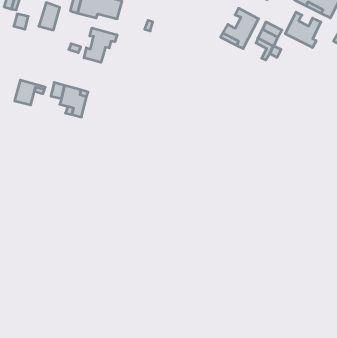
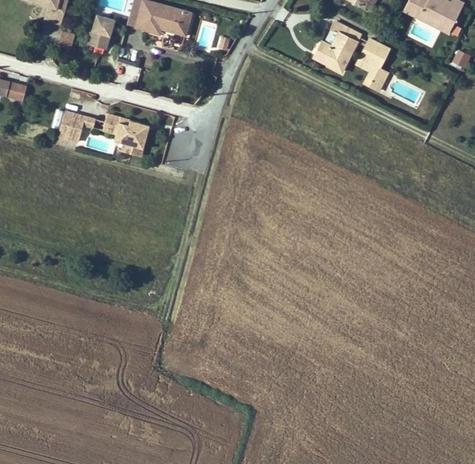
building: [285,12,321,48] -> none
building: [84,28,117,62] -> none

